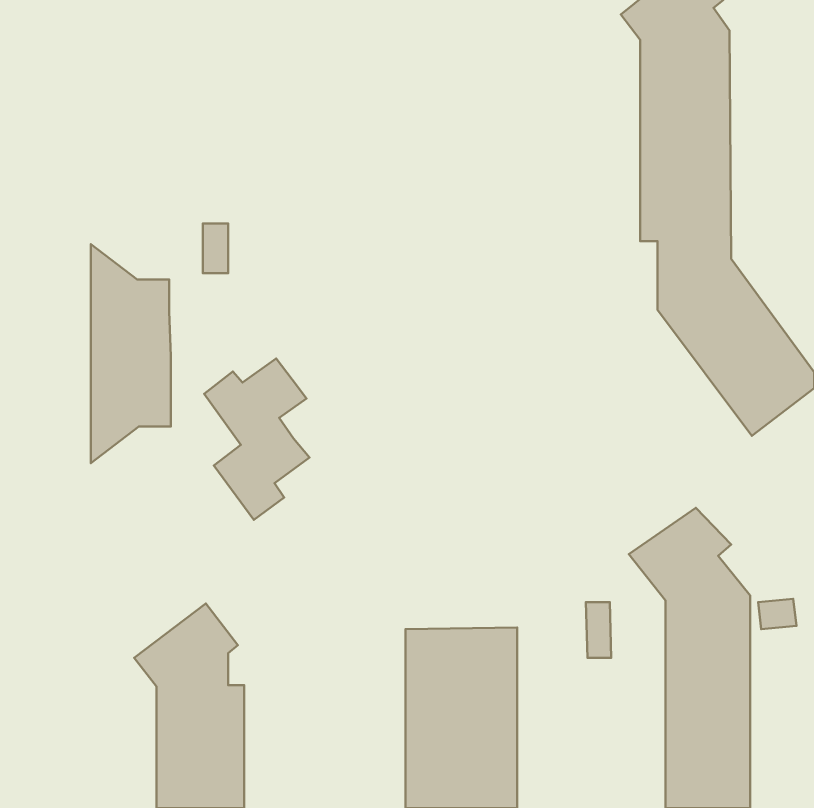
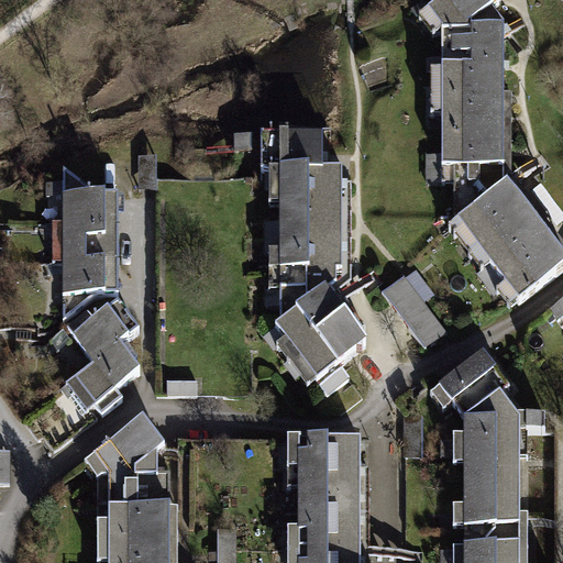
building: none -> [261,134,366,393]
building: [204,359,310,520] -> [67,302,140,413]
building: none -> [383,275,448,347]

